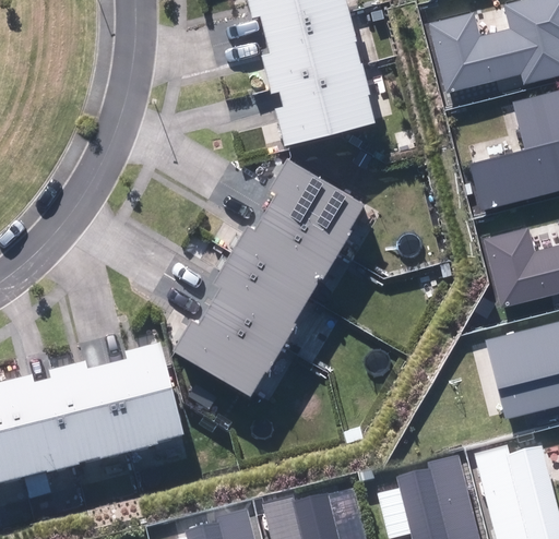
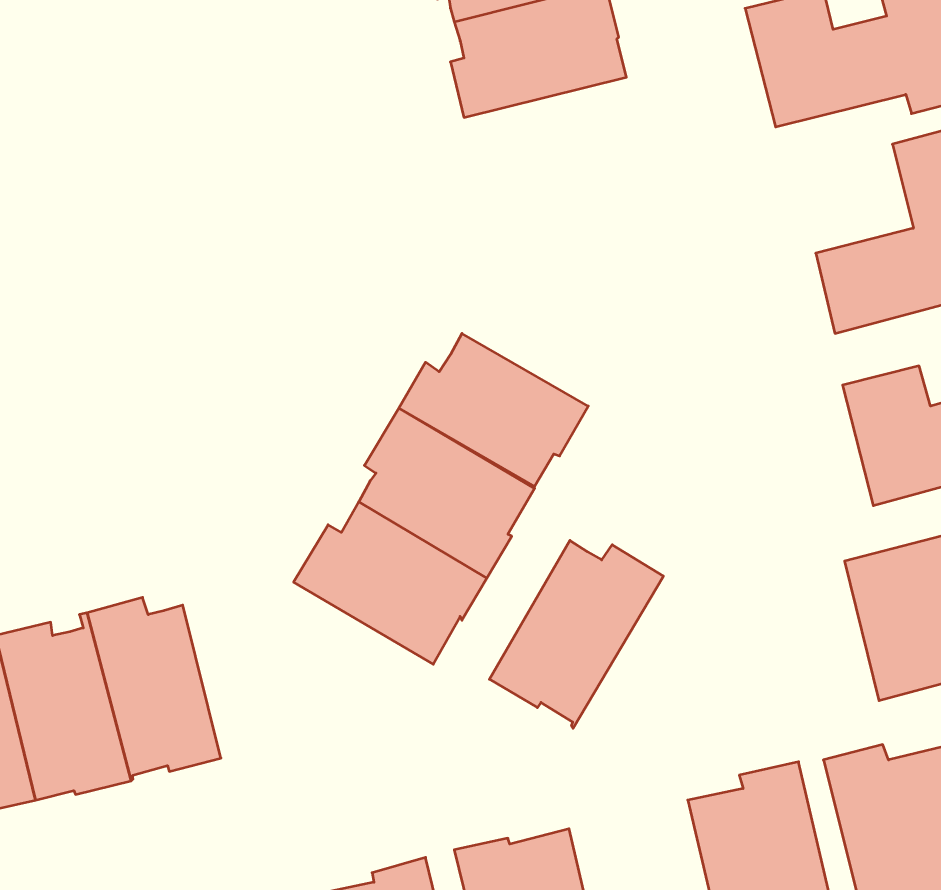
building: [269,63,374,145] -> none
building: [267,158,365,251] -> none
building: none -> [489,540,663,728]
building: [108,343,185,452] -> none

